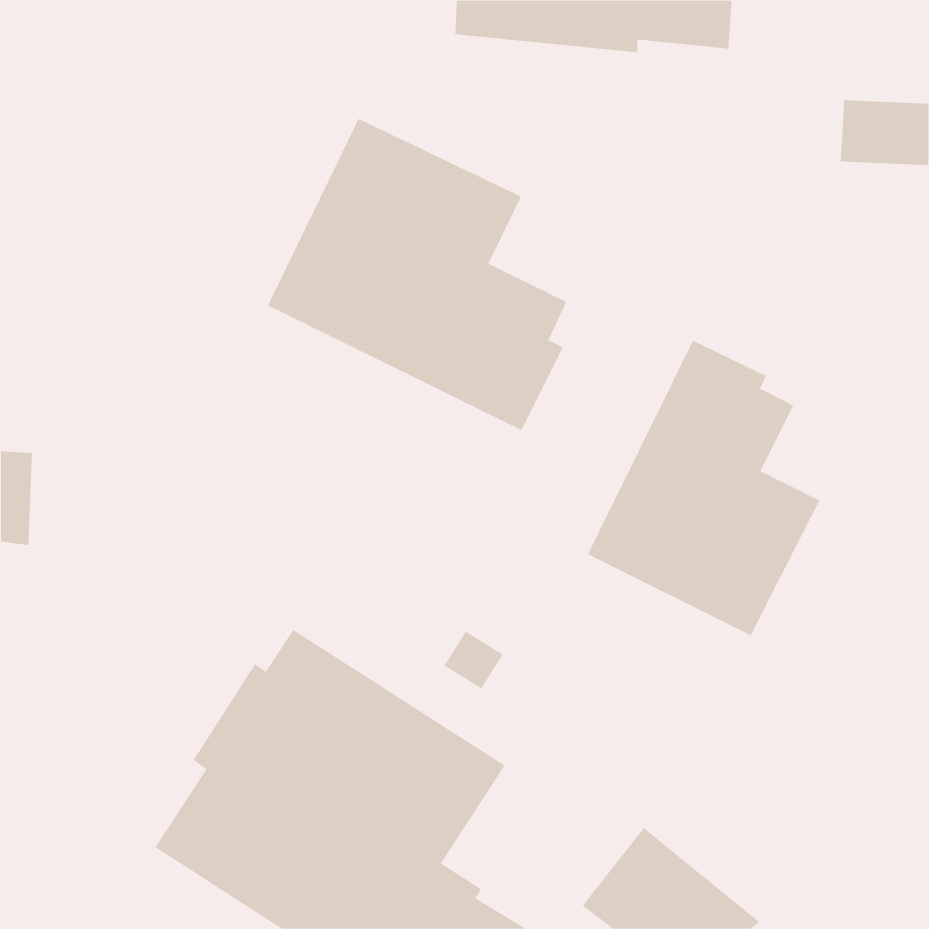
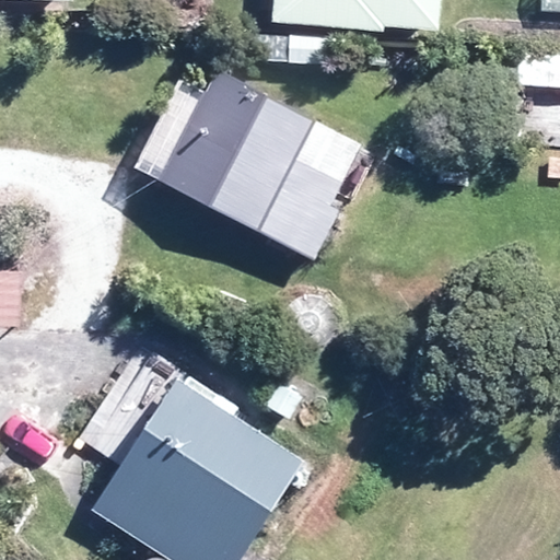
building: [587,340,820,636] -> none

